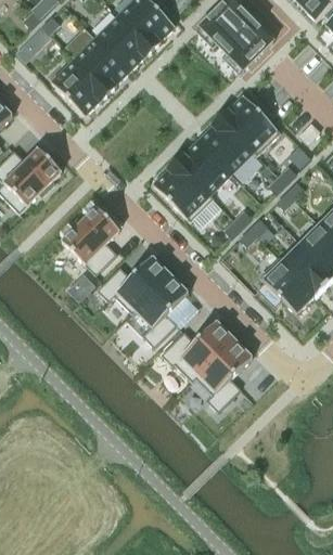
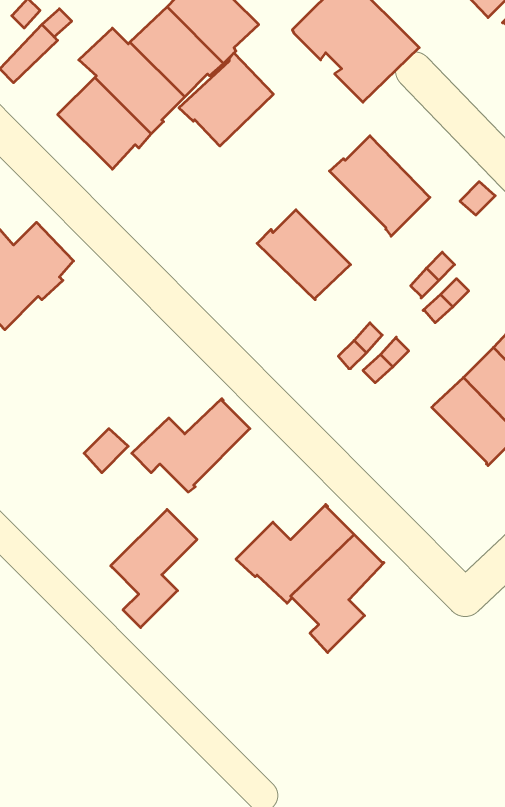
building: none -> [179,53,273,146]
building: [198,115,254,172] -> none
building: [154,159,215,220] -> none
building: [62,206,120,274] -> none
building: [257,256,316,313] -> none
building: [136,273,189,346] -> [111,509,197,628]

